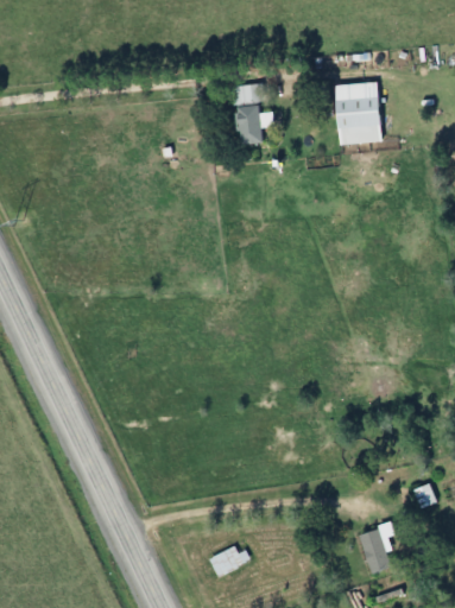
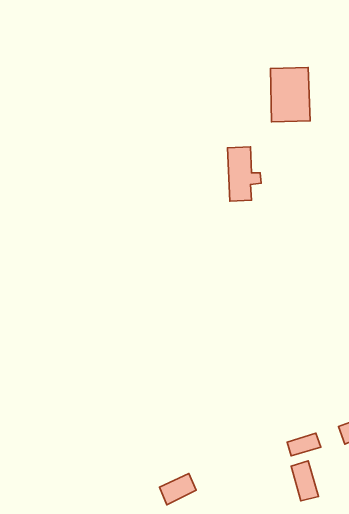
building: [235,83,273,145] -> [228,147,261,201]
building: none -> [287,433,321,456]

